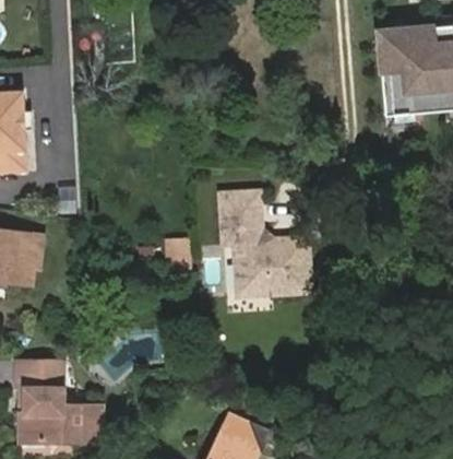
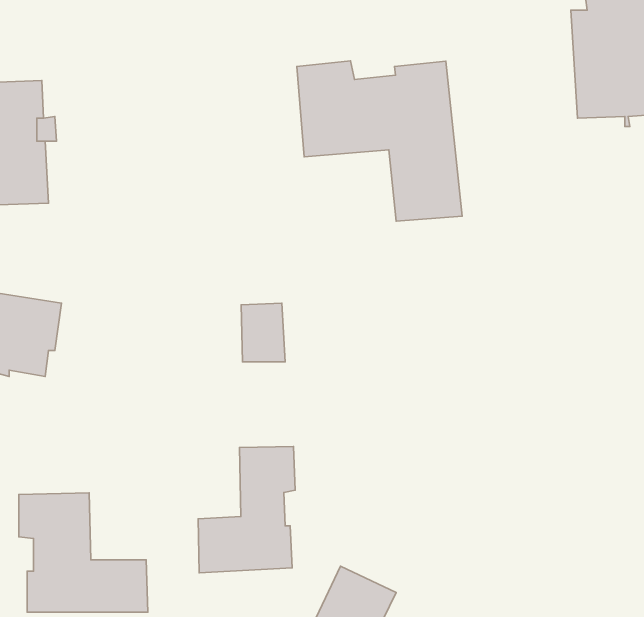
building: none -> [297,61,462,221]
building: [222,191,312,313] -> none
building: none -> [198,446,295,573]

